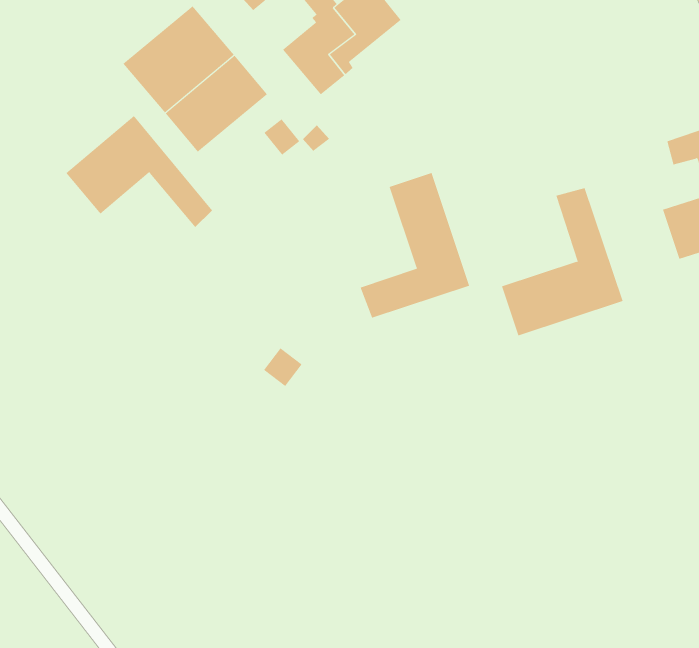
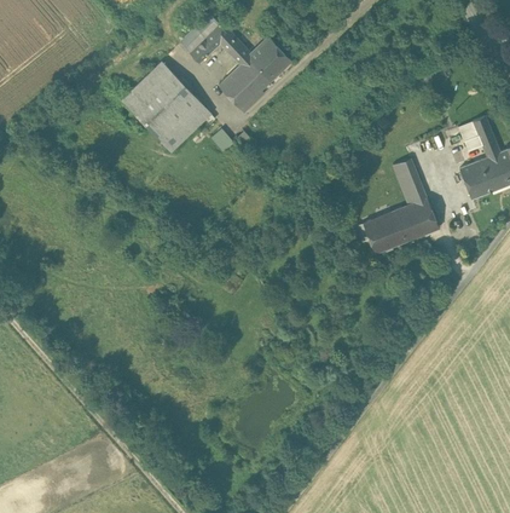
building: [66,115,213,228] -> none
building: [360,172,470,318] -> none

